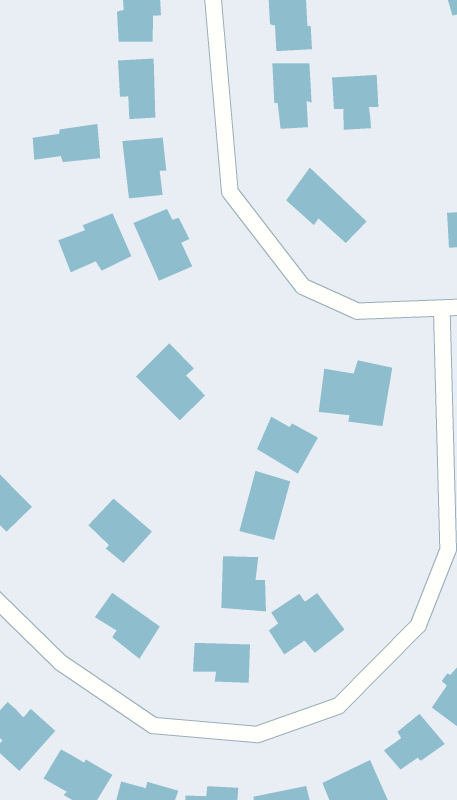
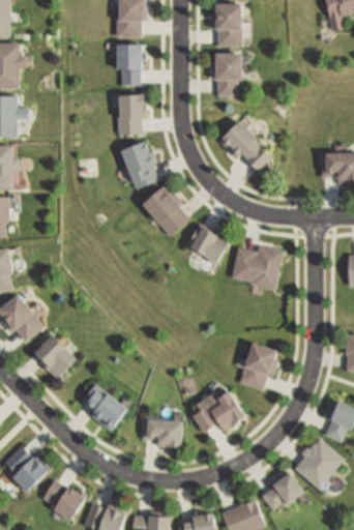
building: [332,74,379,130] -> none
building: [32,123,101,163] -> none
building: [57,212,132,273] -> none
building: [135,342,206,421] -> [142,183,186,234]
building: [256,416,319,474] -> [186,223,227,261]
building: [239,470,291,540] -> [239,343,274,388]
building: [88,498,153,564] -> [33,335,75,378]
building: [221,556,267,612] -> none

